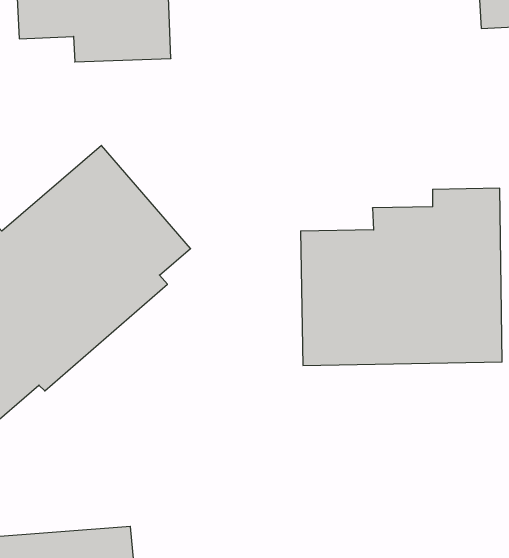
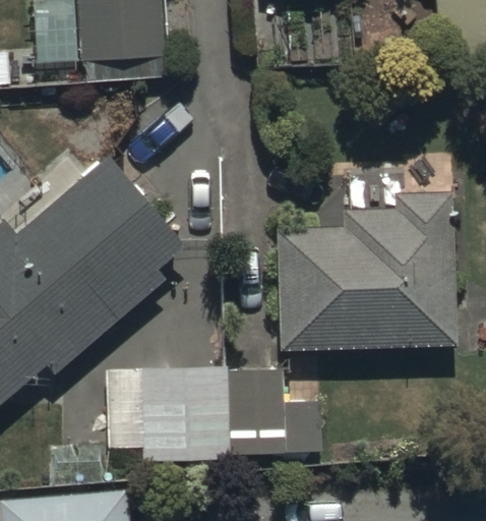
building: none -> [136,365,322,461]

